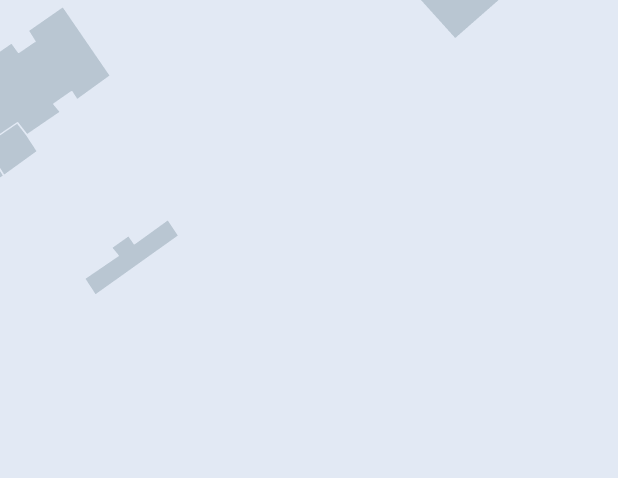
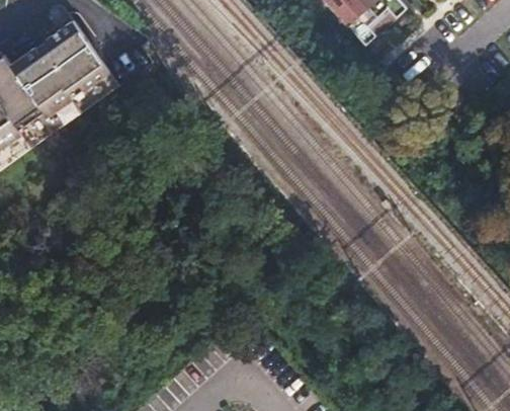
building: [84,219,179,295] -> [45,71,115,128]

